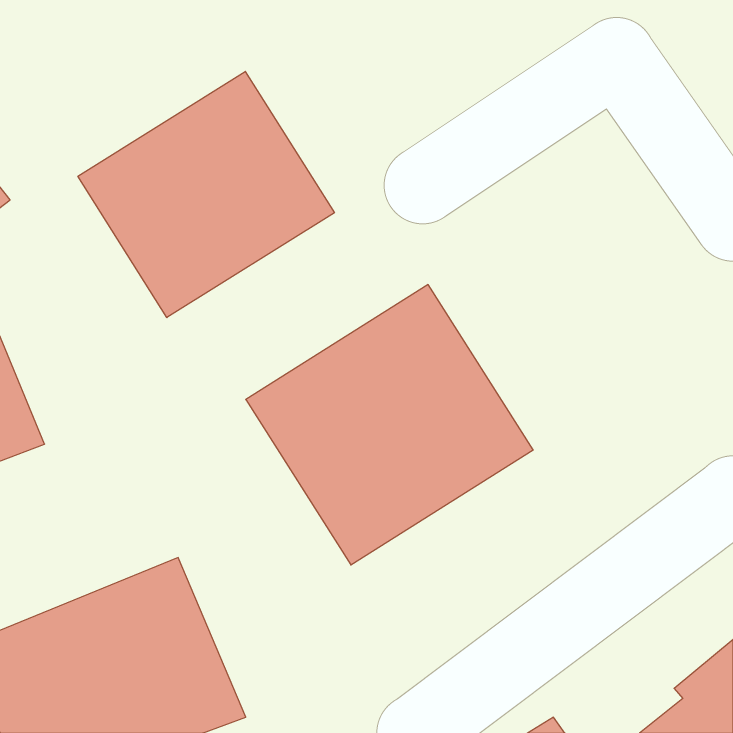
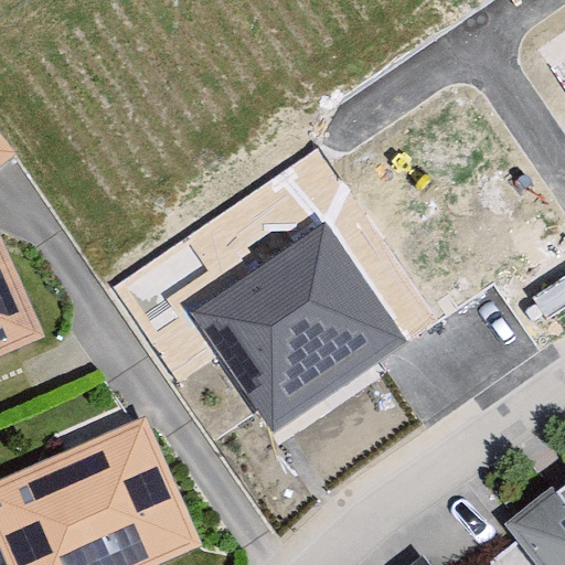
building: [78,71,334,318] -> none

